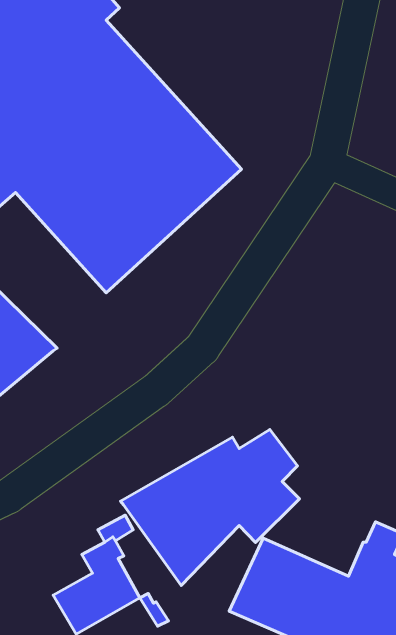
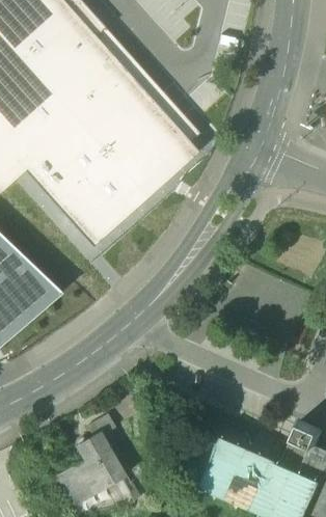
building: [120,429,299,585] -> none

